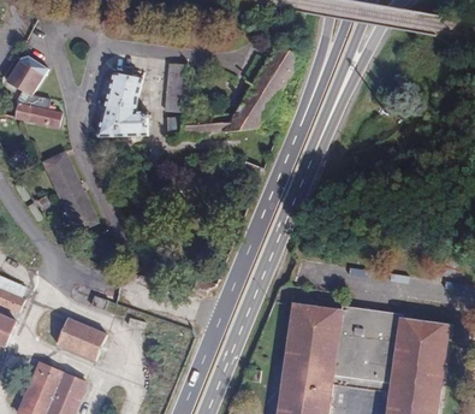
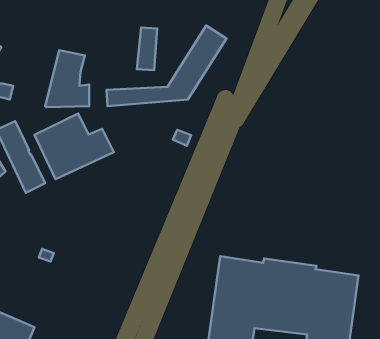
building: [164,63,186,111] -> [137,27,157,70]
building: none -> [34,114,114,179]
building: [57,317,106,360] -> none

